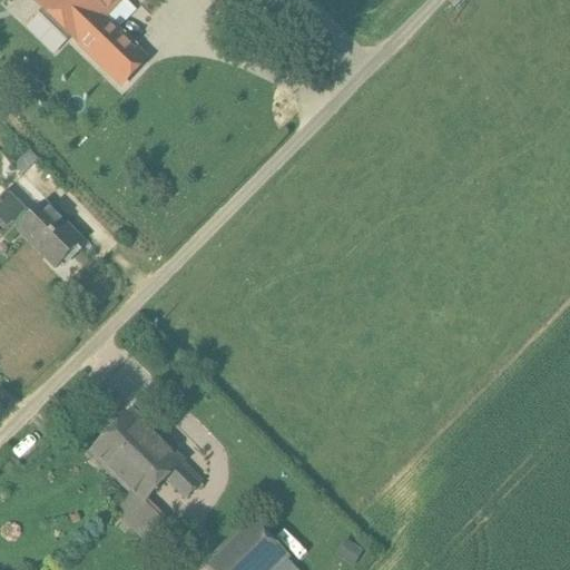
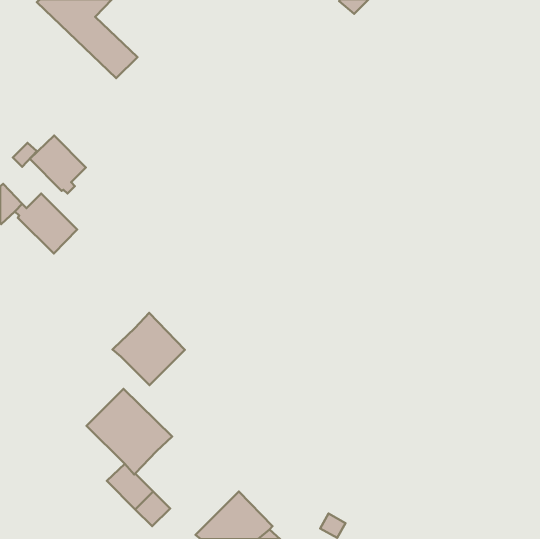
building: none -> [30,136,86,193]
building: none -> [113,313,185,385]
building: [165,460,200,494] -> none

